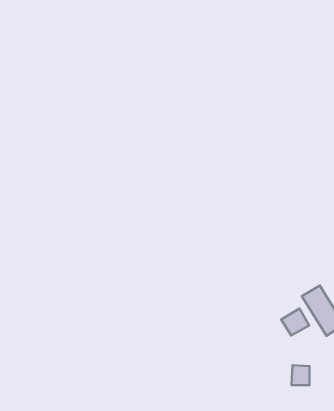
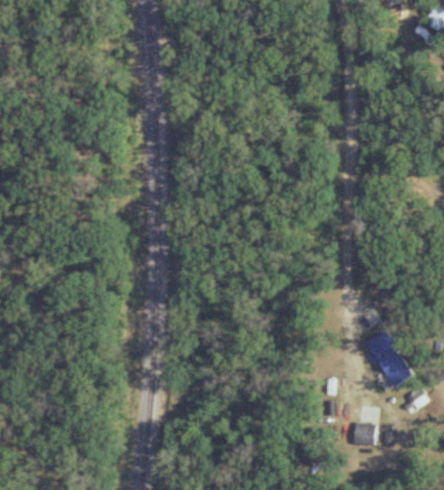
building: [281,308,309,335] -> none

